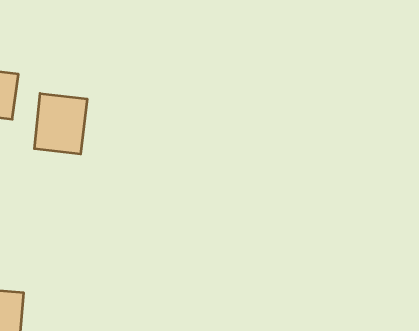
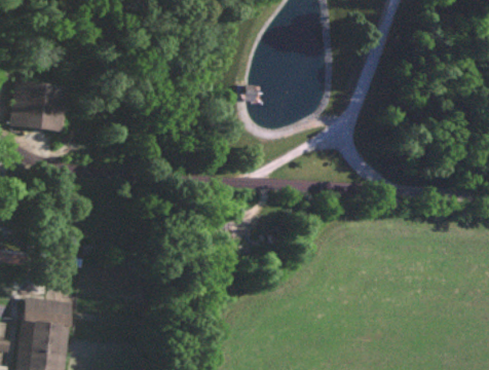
building: [34,93,87,154] -> none

